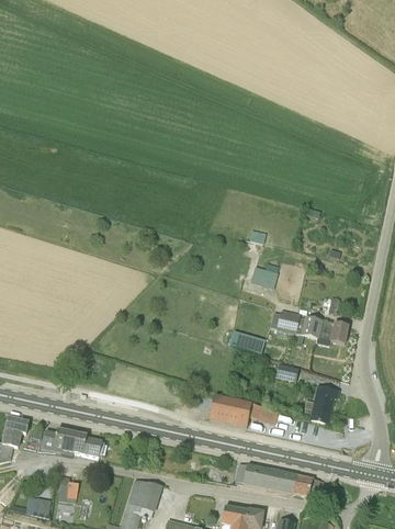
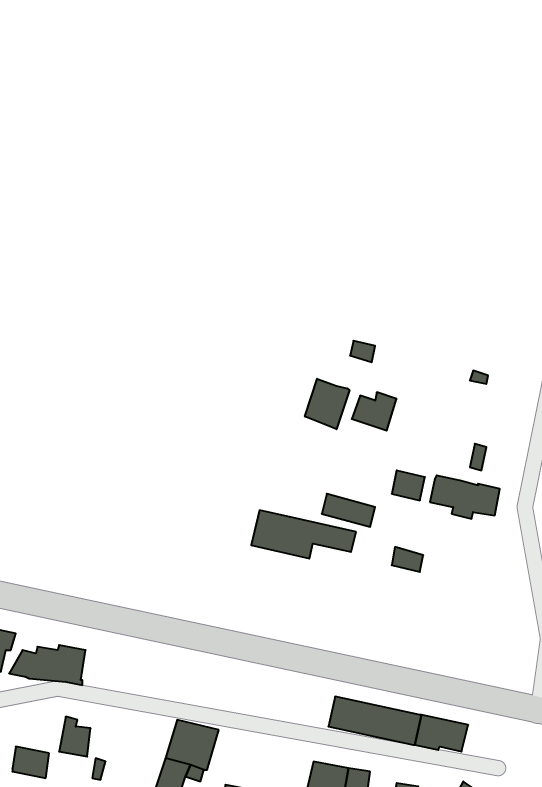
building: none -> [305,379,349,429]
building: [305,386,337,423] -> none
building: [208,395,278,427] -> [251,510,356,559]
building: [71,432,102,458] -> none

